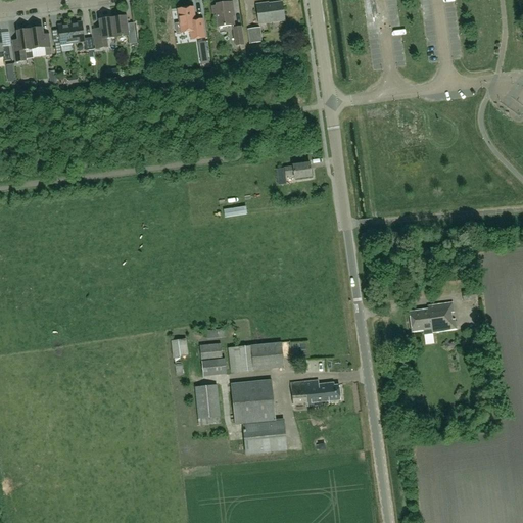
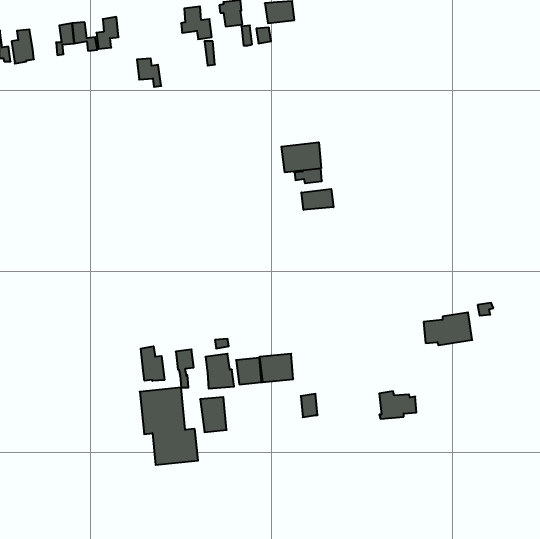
building: [112,15,136,43] -> [137,58,161,87]
building: [29,27,52,54] -> none
building: none -> [281,142,321,172]
building: none -> [301,189,333,210]
building: none -> [141,346,164,381]
building: [230,378,286,453] -> [140,388,198,465]
building: [304,378,340,405] -> [379,391,416,419]

